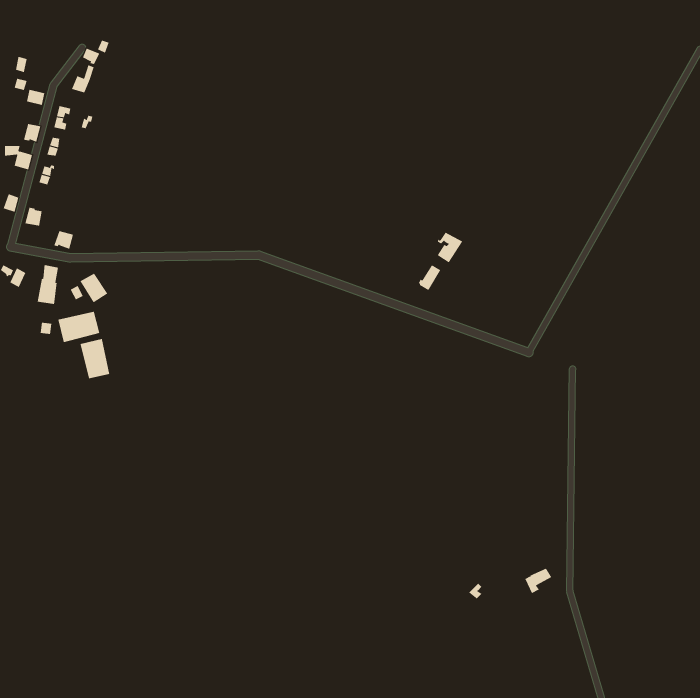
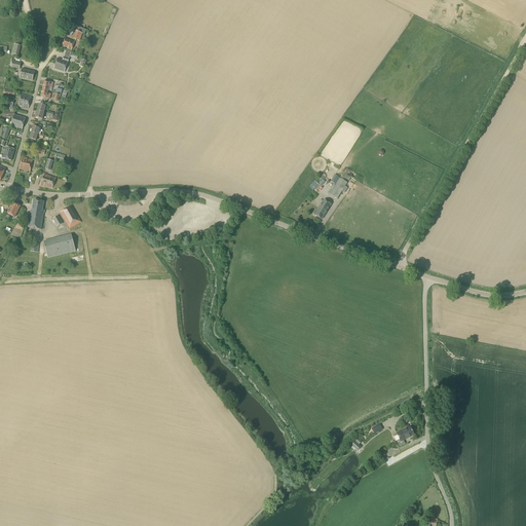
building: [80,338,110,379] -> none

